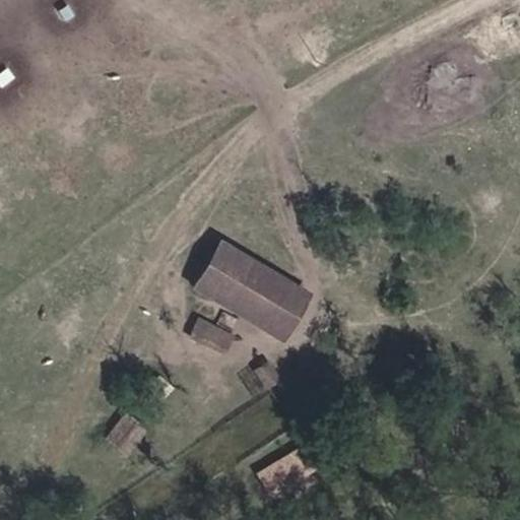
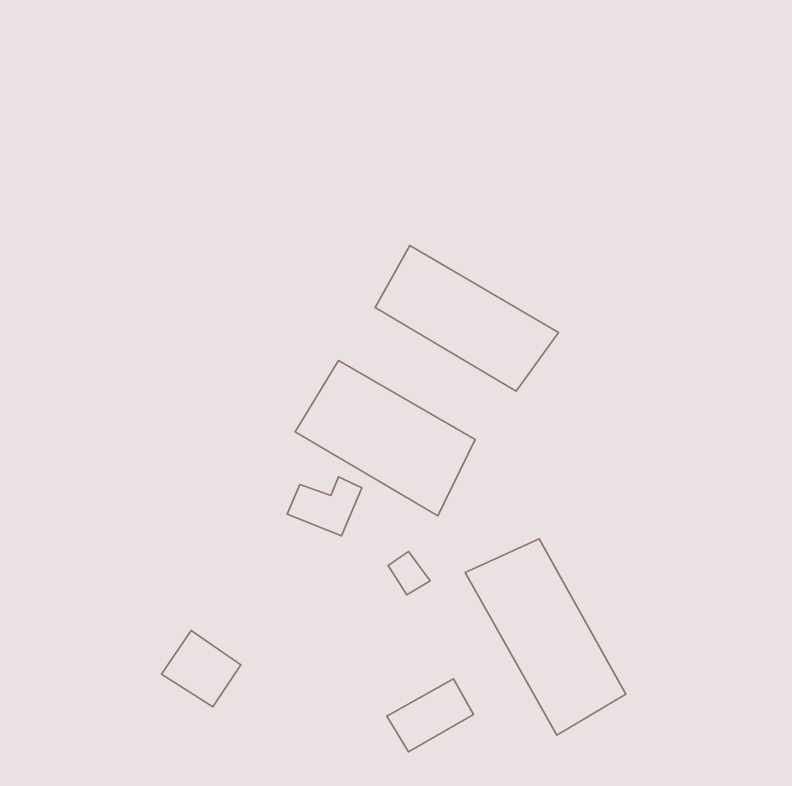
building: none -> [375,245,558,391]
building: none -> [465,539,626,735]

